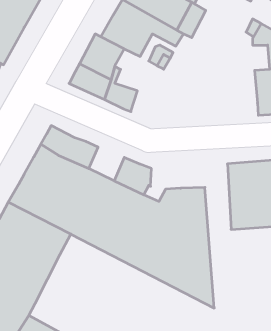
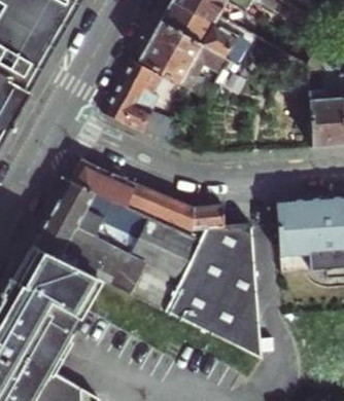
building: none -> [124,183,163,220]
building: none -> [184,206,225,243]

